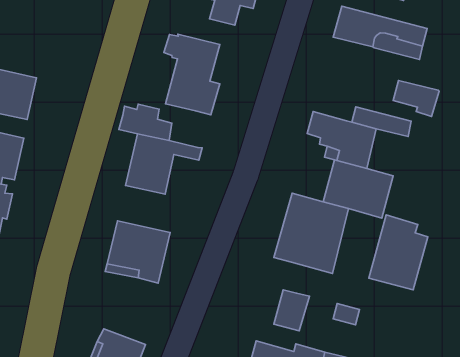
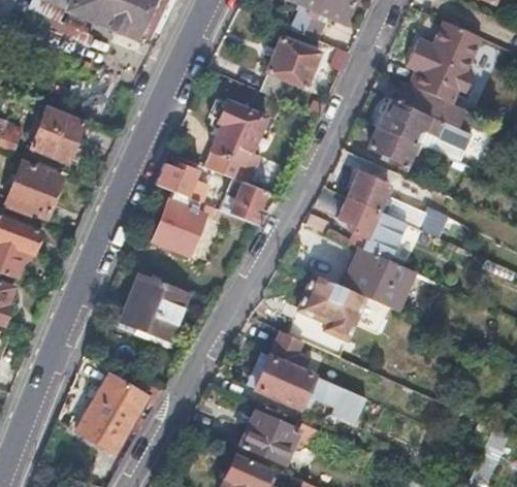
building: [393,81,439,117] -> [370,127,417,167]
building: none -> [348,171,390,210]
building: none -> [224,177,267,225]
building: [369,215,428,290] -> none
building: none -> [255,330,309,397]

